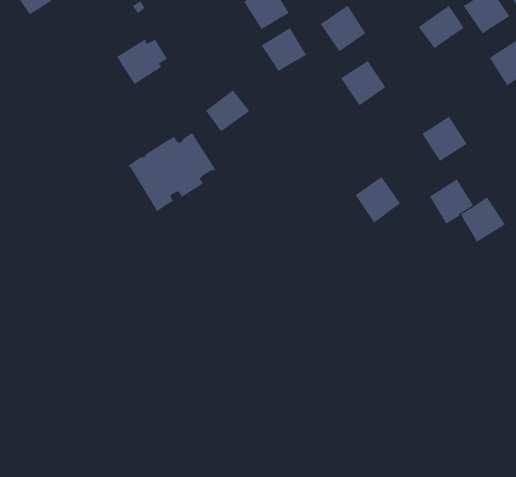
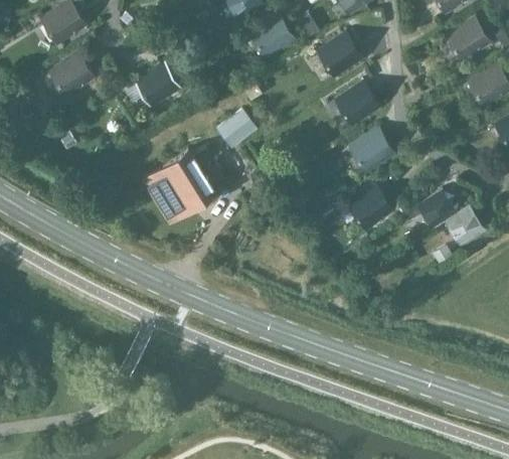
building: [418,5,465,49] -> none
building: [261,27,307,72] -> none
building: none -> [50,53,92,95]
building: [421,116,468,162] -> [350,129,391,170]

